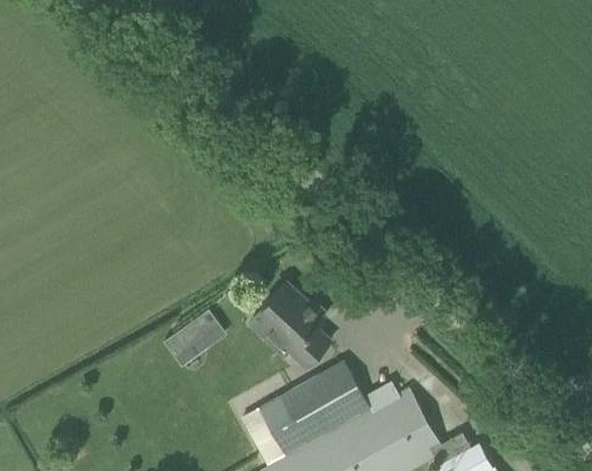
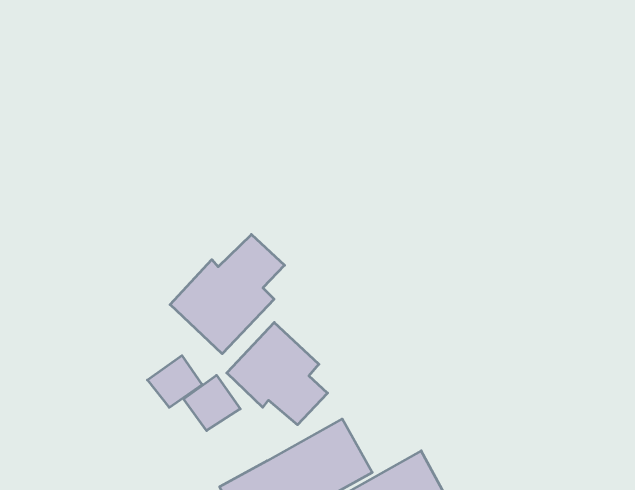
building: none -> [170,234,285,354]
building: none -> [184,375,240,431]

